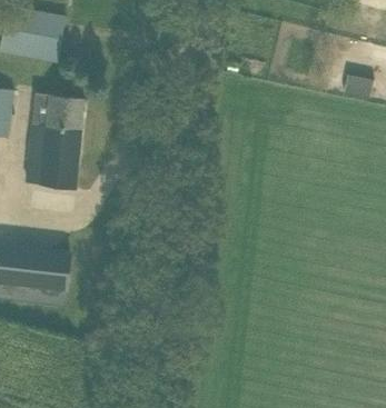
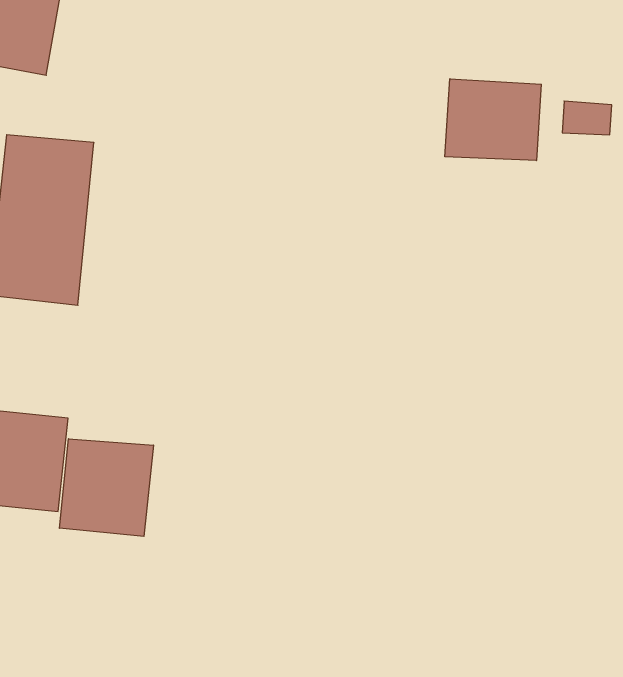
building: none -> [445,79,541,161]
building: none -> [59,439,153,536]

